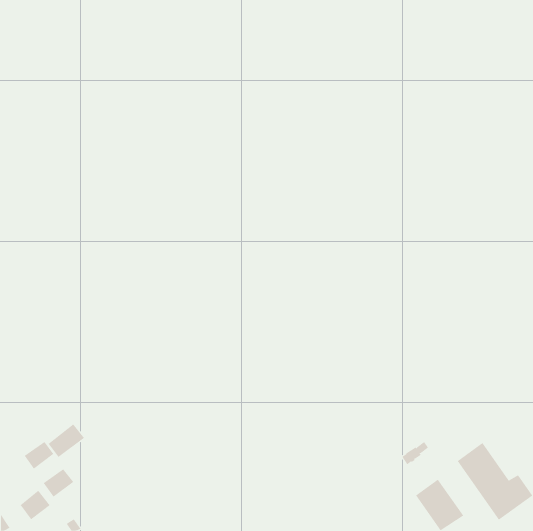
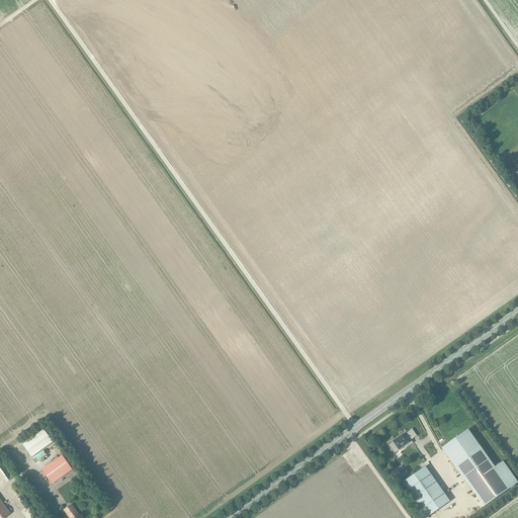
building: [48,423,85,458] -> none
building: [20,490,51,520] -> none

